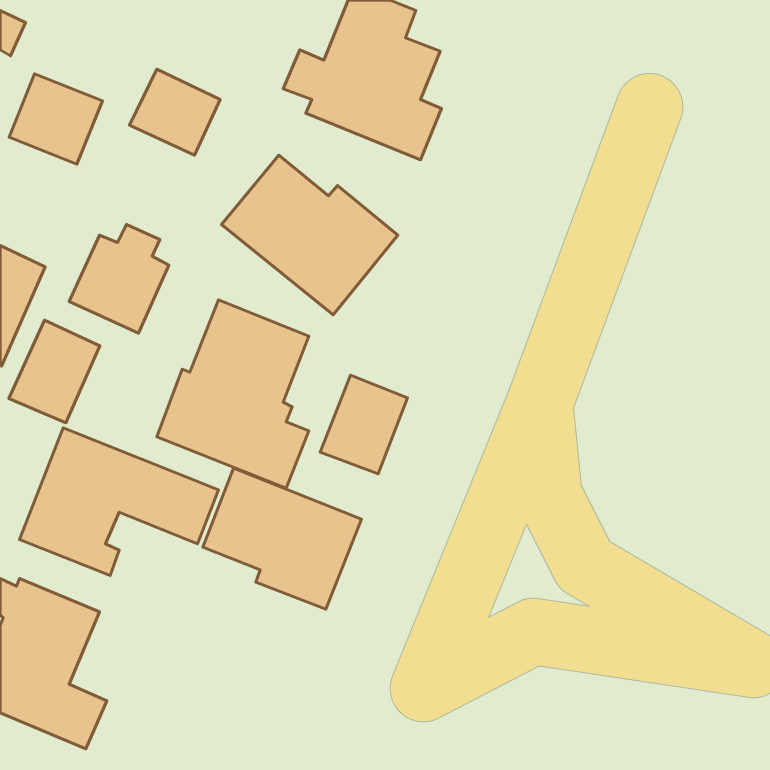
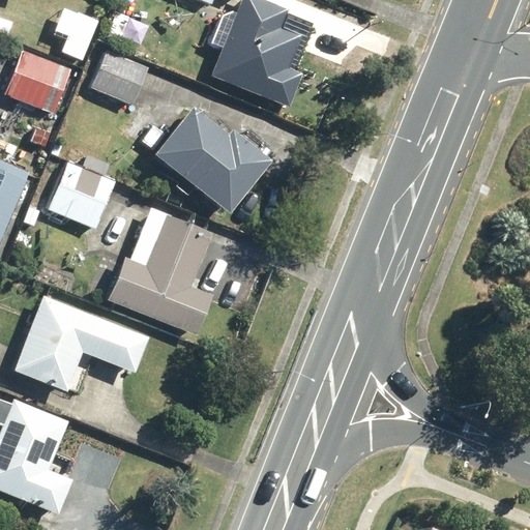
building: none -> [52,6,99,60]
building: [9,320,100,423] -> none
building: [320,375,408,474] -> none
building: [203,468,362,609] -> none

